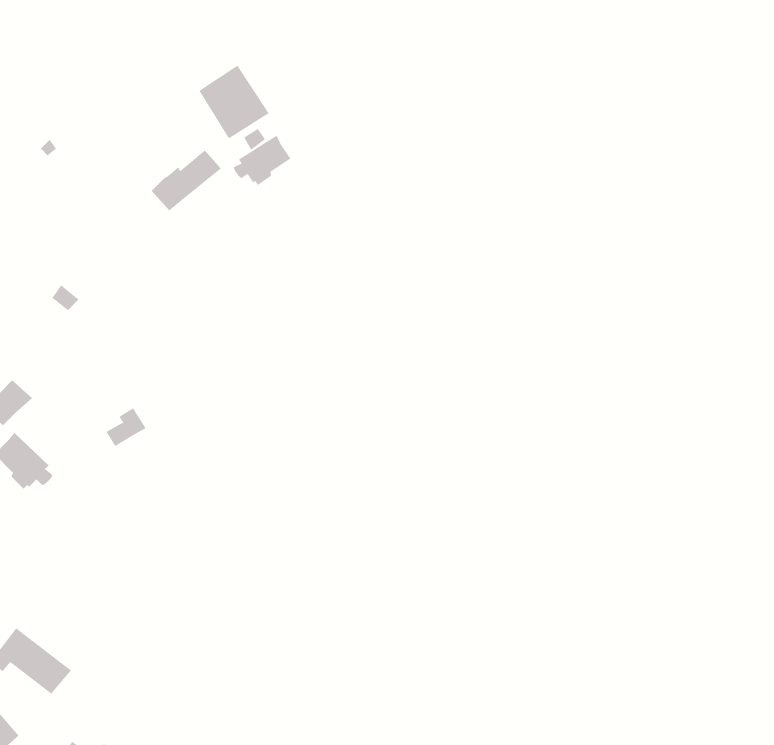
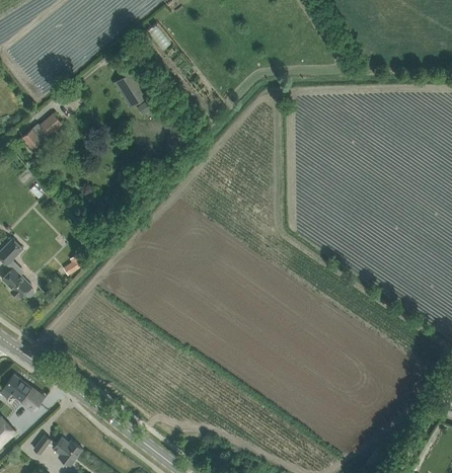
building: [233,135,291,186] -> none
building: [151,150,222,211] -> [22,114,61,148]

